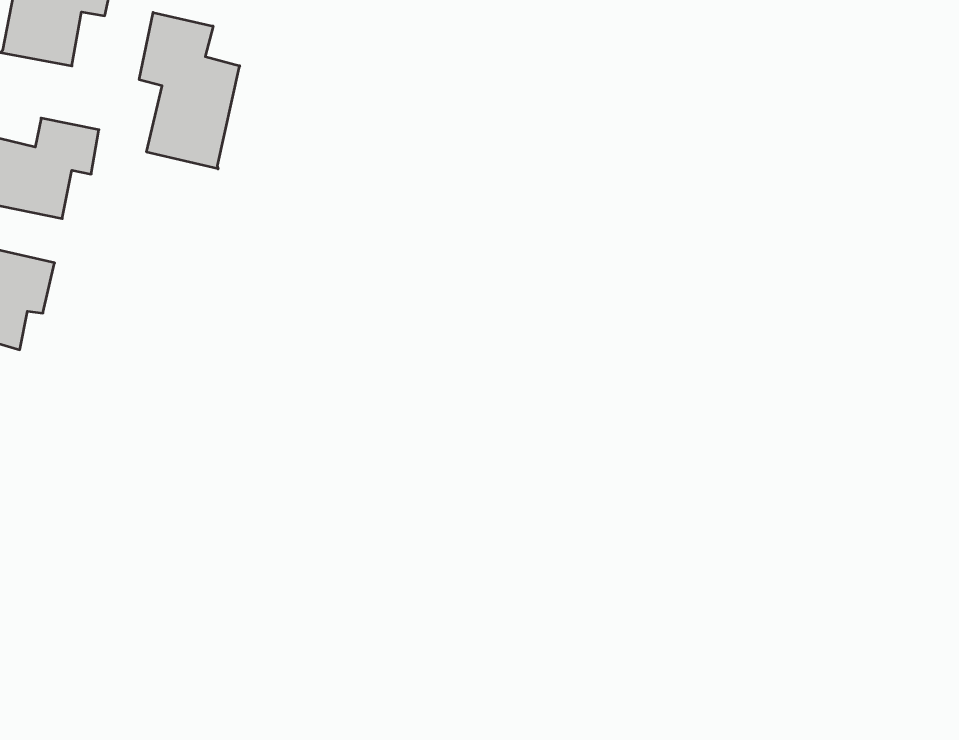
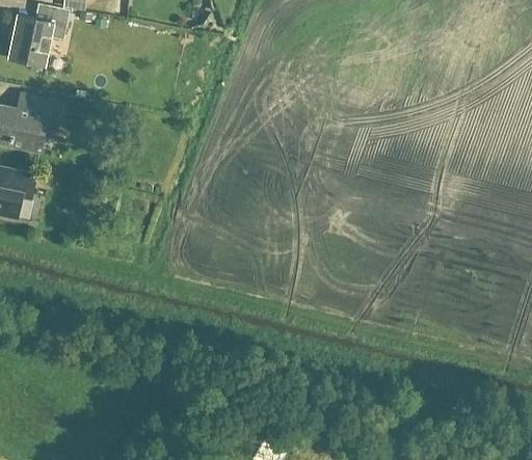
building: [139,12,240,169] -> none

